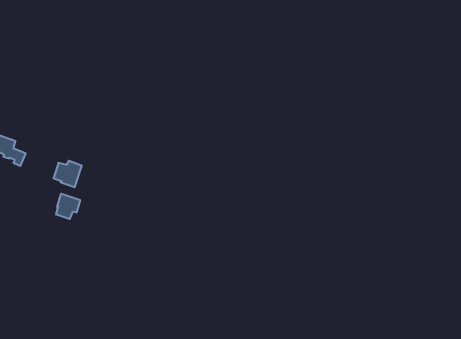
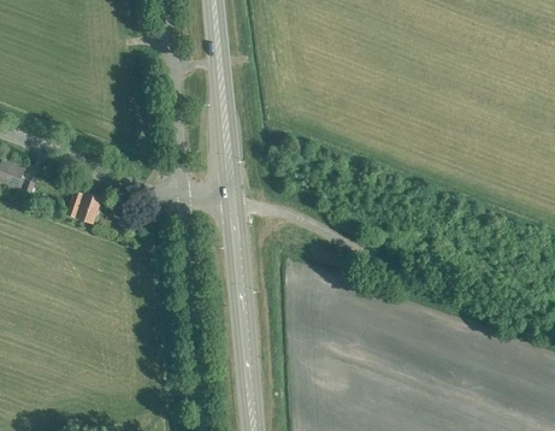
building: [56,194,80,219] -> none

